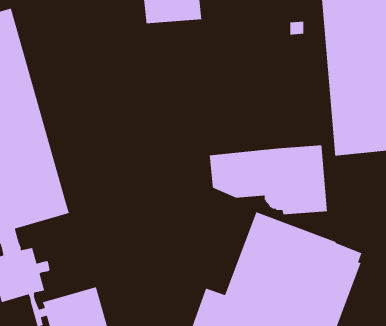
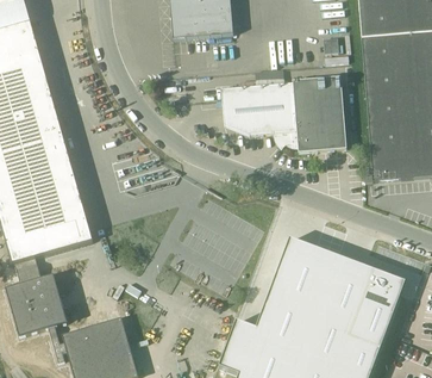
building: [209,145,328,215] -> [221,76,348,151]

